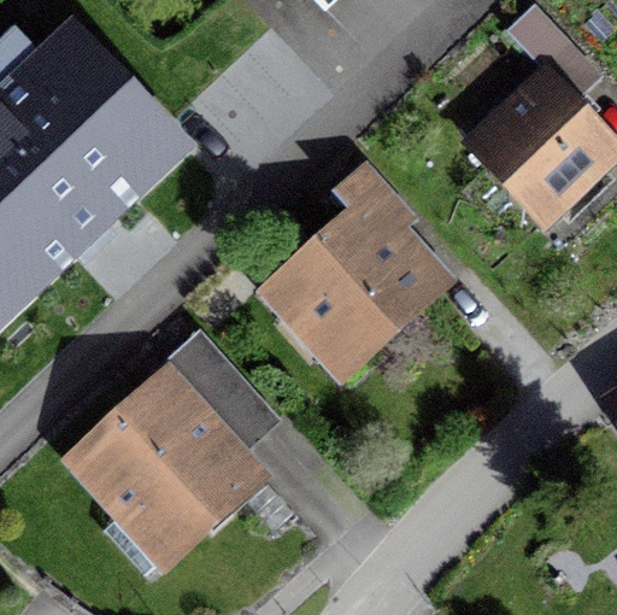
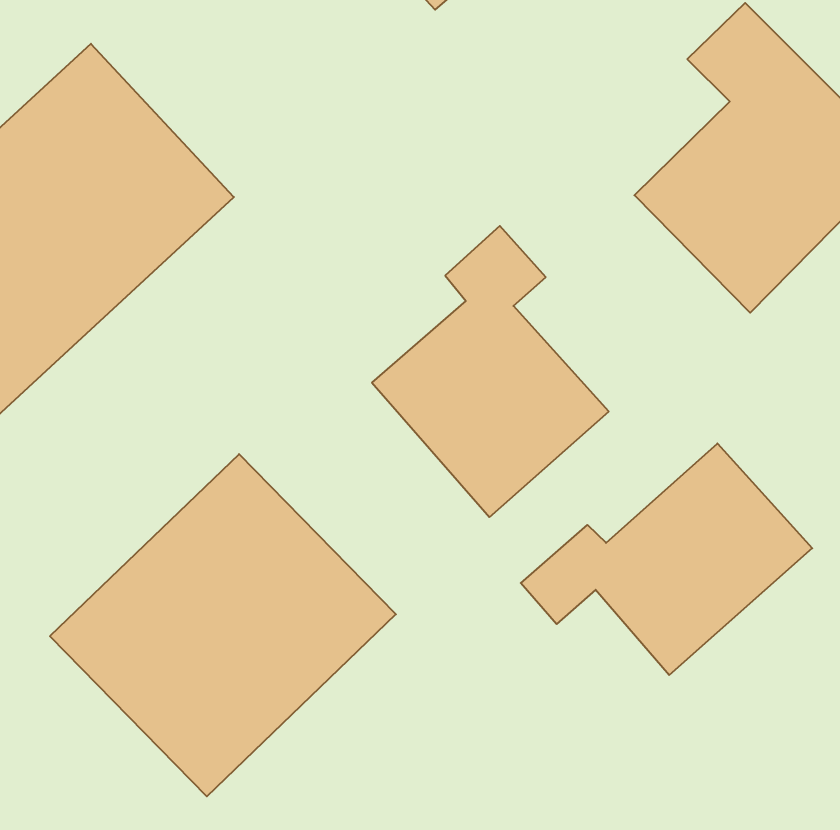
building: none -> [521,443,812,675]

